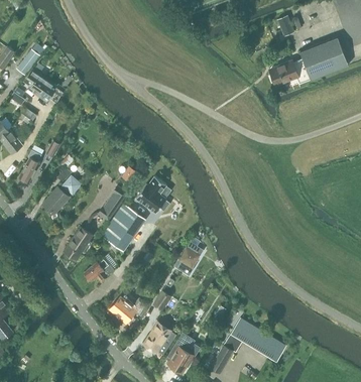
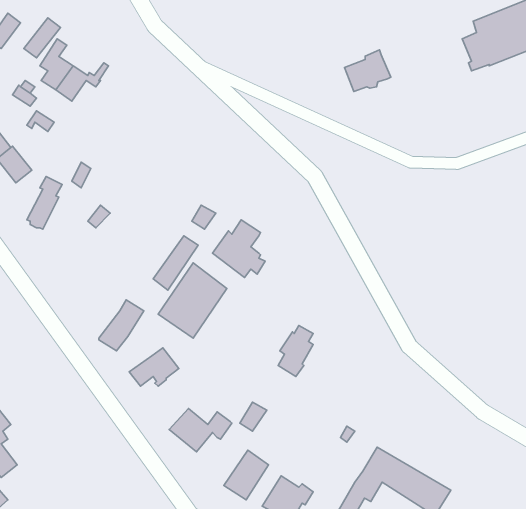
building: [269,59,298,86] -> [344,50,391,92]
building: [41,175,80,214] -> none

